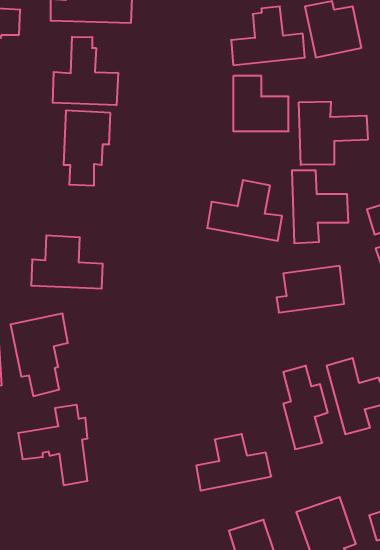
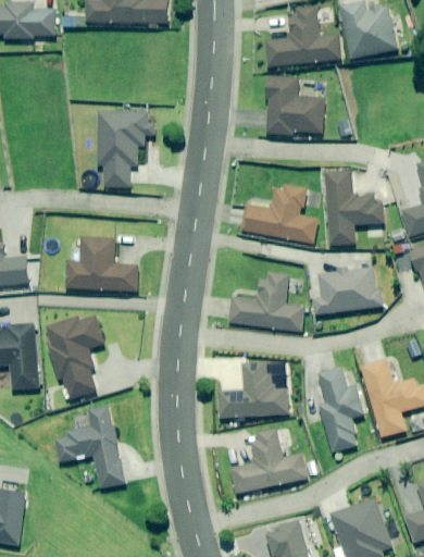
building: [53,37,118,105] -> none
building: [299,102,368,165] -> none
building: none -> [229,272,303,331]
building: none -> [219,362,288,418]

